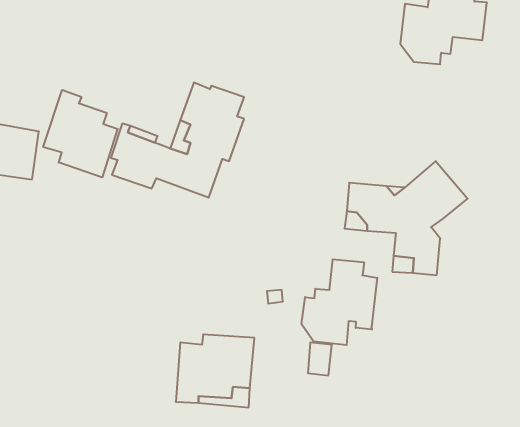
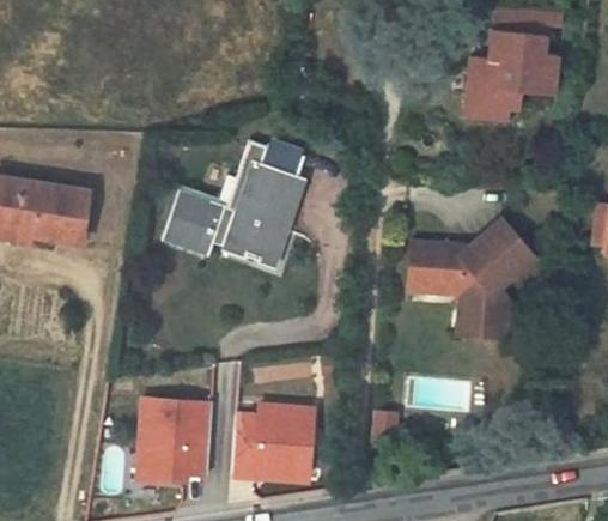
building: [43,90,118,177] -> none
building: [302,259,377,345] -> none
building: none -> [136,396,213,480]

